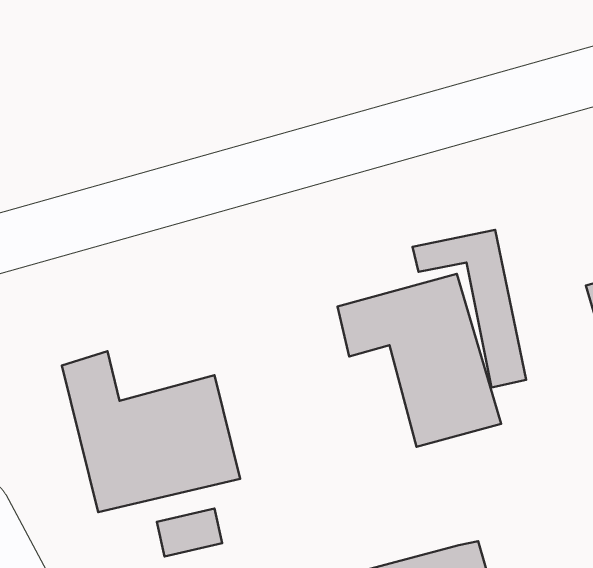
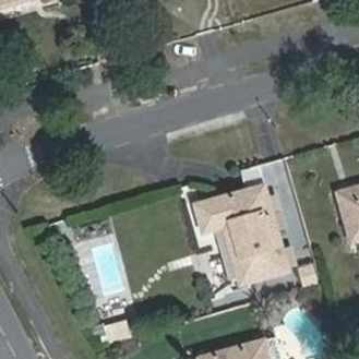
building: [62,351,240,512] -> none

